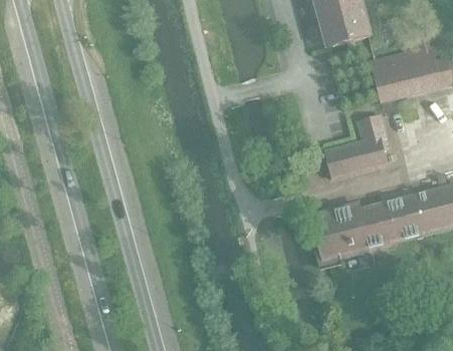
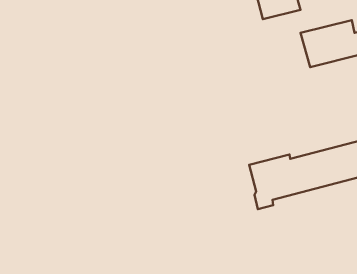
building: [324,113,388,178] -> none

